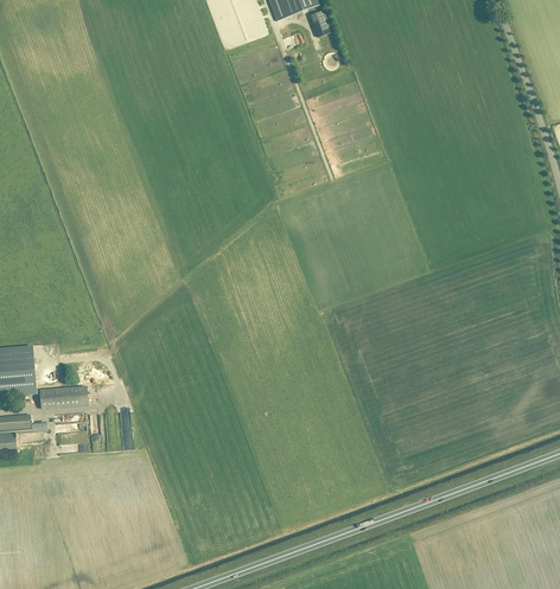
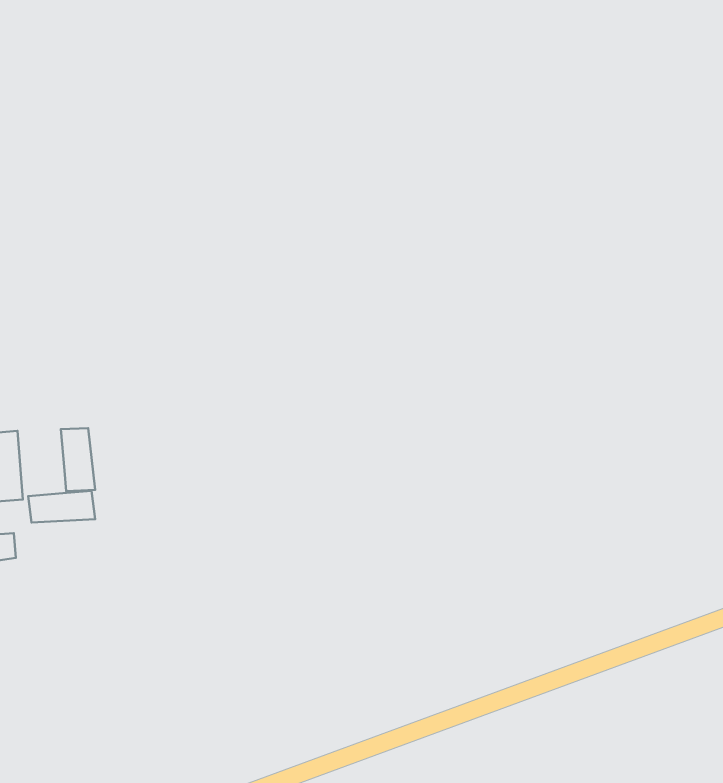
building: none -> [61,428,95,491]

